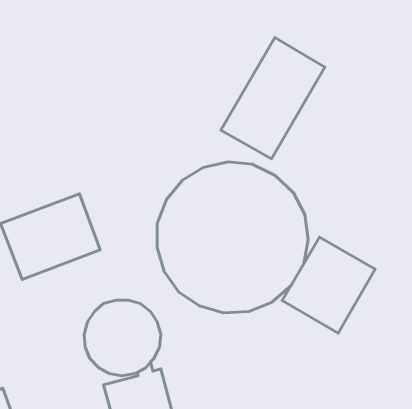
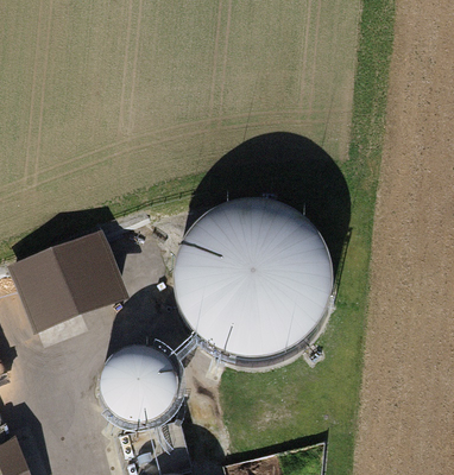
building: [221,37,325,159] -> none
building: [282,237,375,333] -> none

